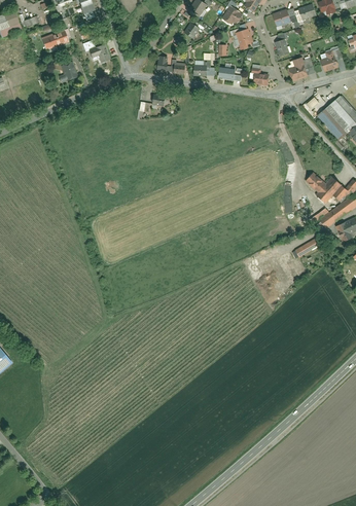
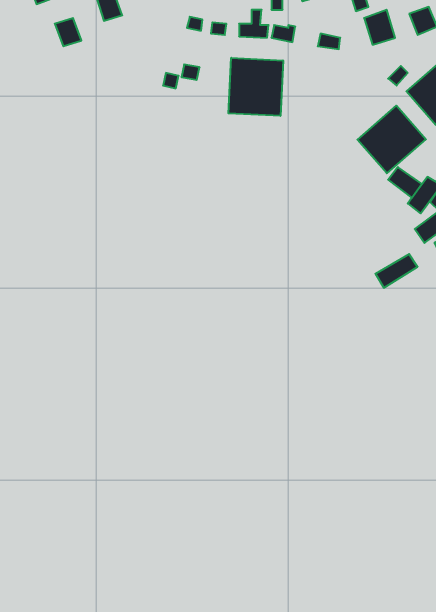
building: none -> [228,58,283,116]
building: none -> [357,106,426,173]

